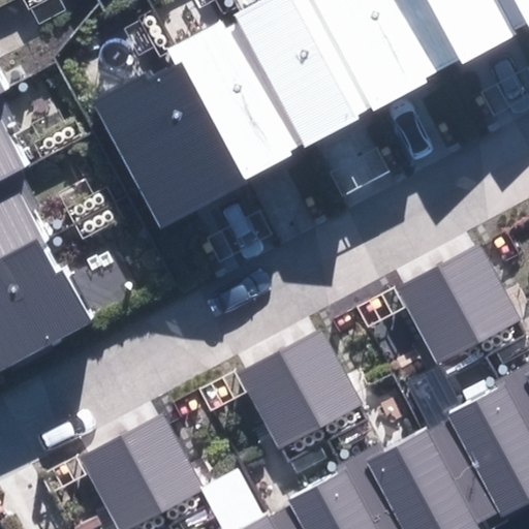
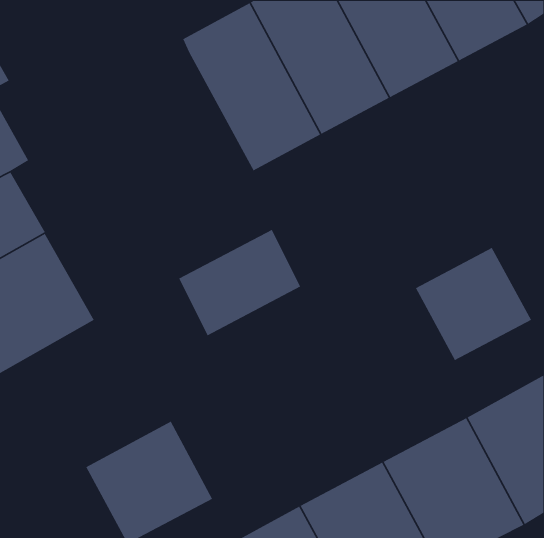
building: [97,63,247,229] -> none
building: none -> [178,229,301,336]
building: [241,332,360,445] -> none

